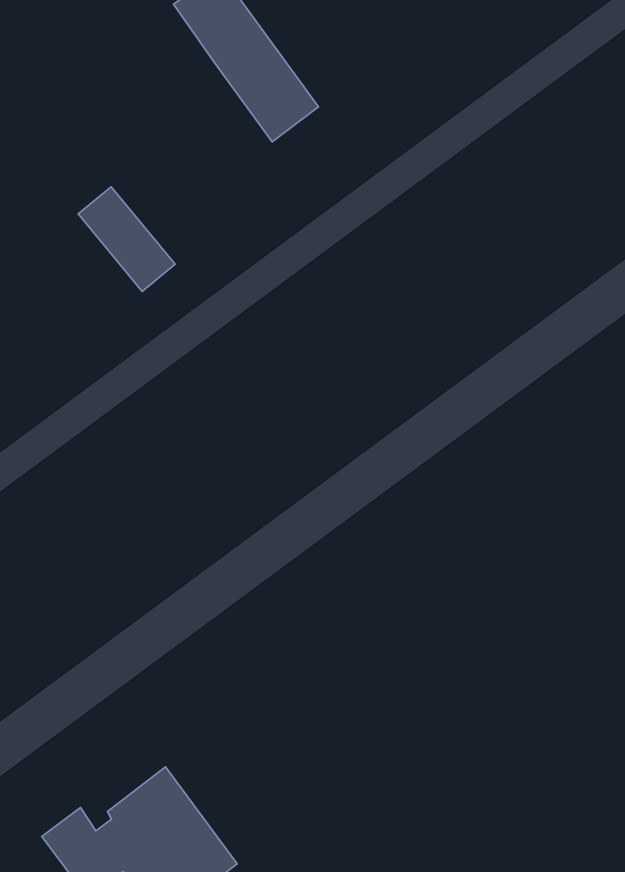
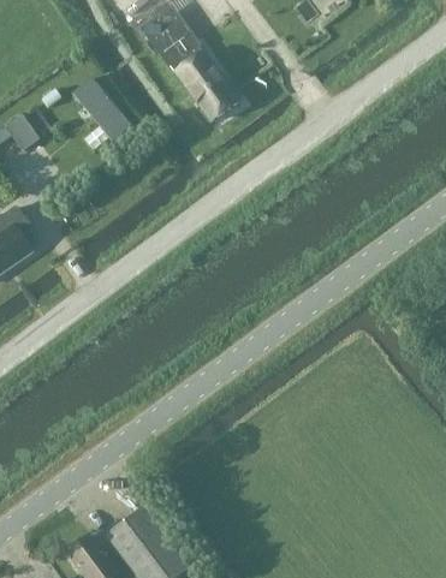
building: [78,187,175,291] -> [72,75,132,139]

